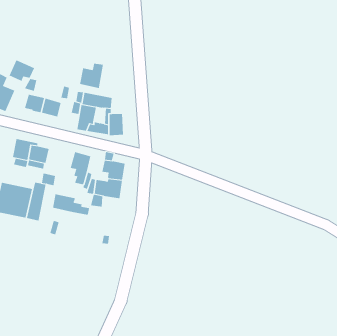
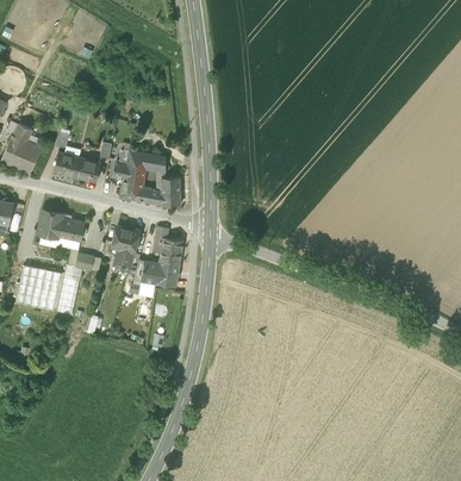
building: [9,59,35,82] -> none
building: [80,63,104,89] -> none
building: [52,194,90,216] -> none

